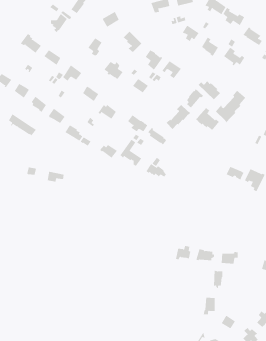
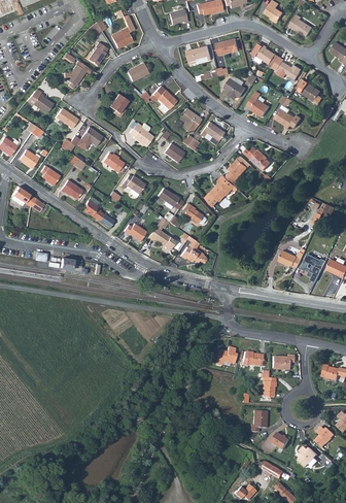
building: [215,90,246,123] -> none
building: [195,107,220,131] -> none

